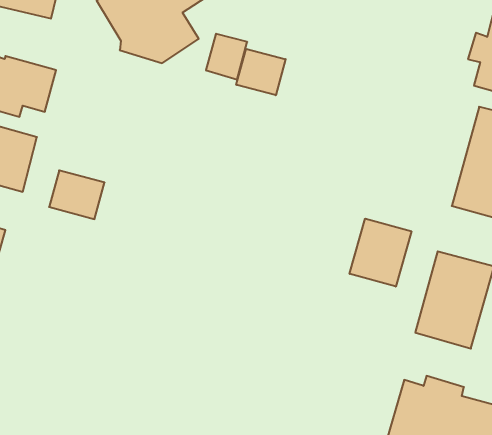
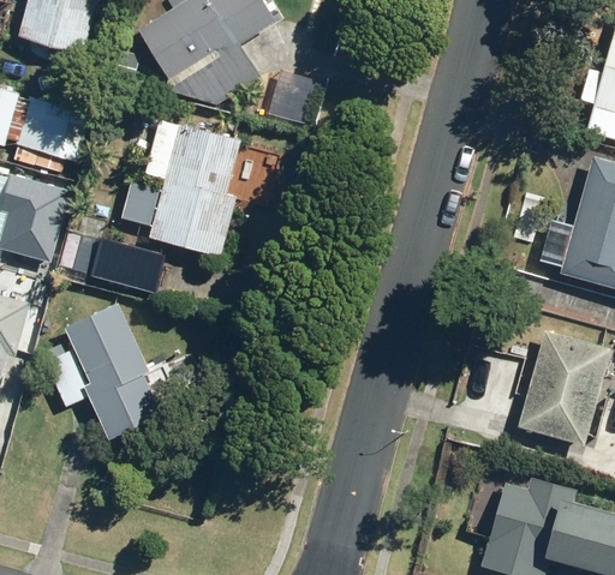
building: [236,49,286,95] -> none
building: none -> [121,121,240,258]
building: [350,219,411,287] -> none
building: none -> [44,305,162,442]

